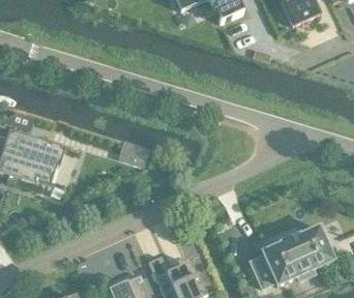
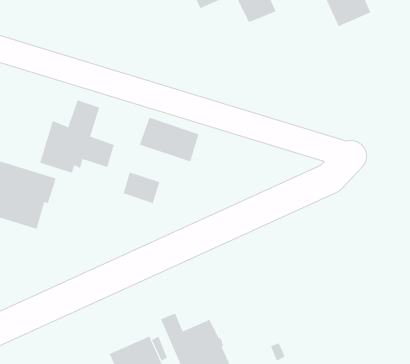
building: none -> [40,100,114,173]
building: none -> [139,117,199,162]
building: [250,225,333,286] -> none

